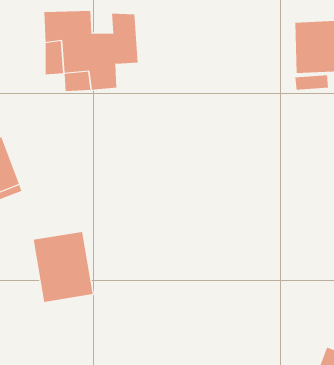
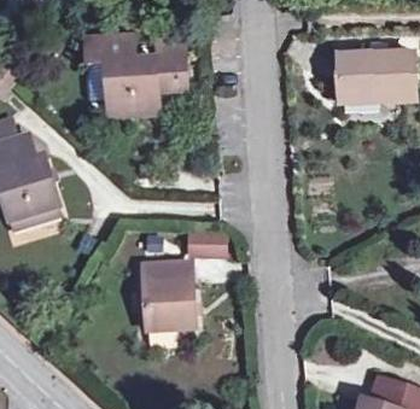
building: none -> [185,229,226,257]
building: [33,231,93,303] -> [145,265,206,338]

